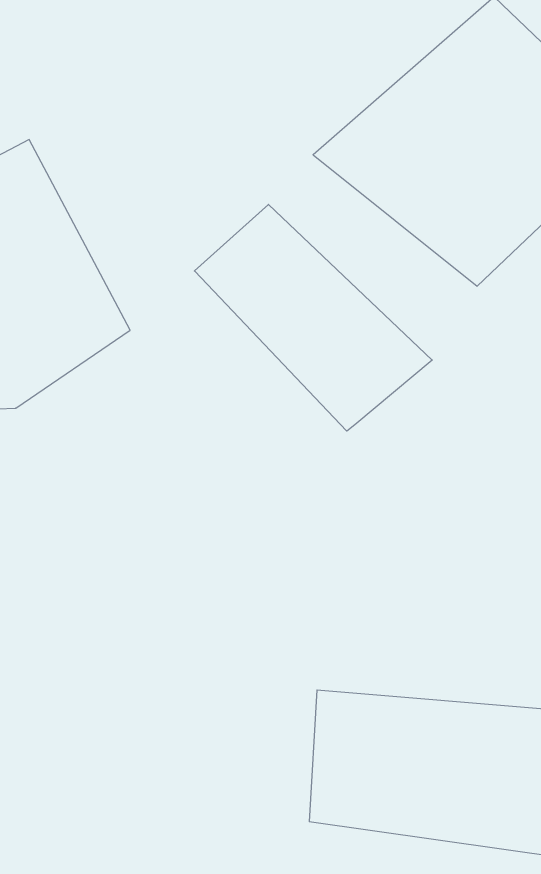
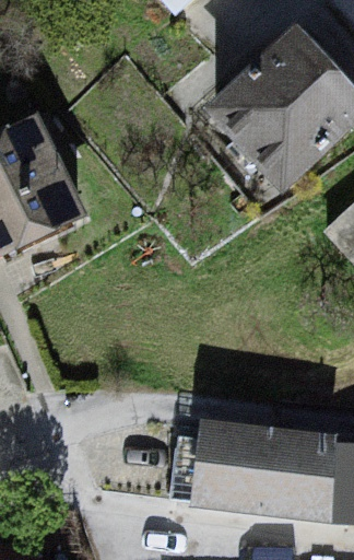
building: [194,204,432,431] -> none

